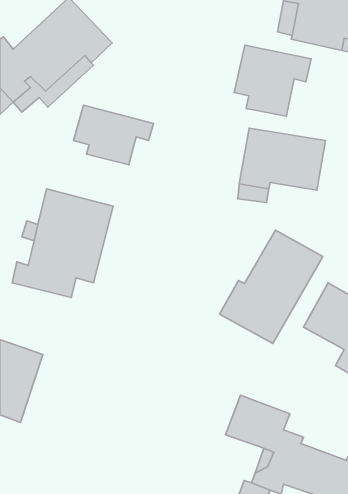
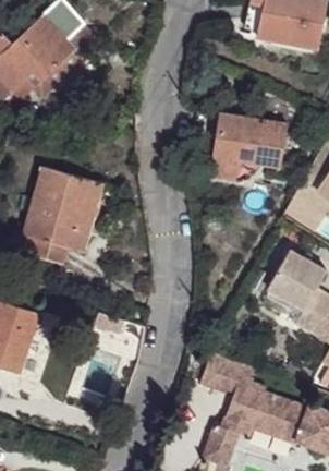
building: [234,45,311,116] -> none
building: [74,105,154,165] -> none
building: [219,230,323,344] -> none

